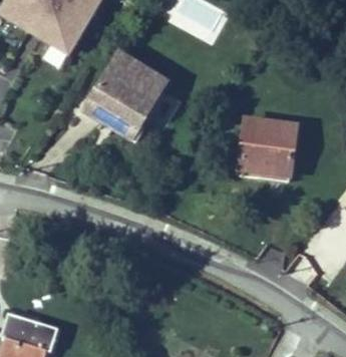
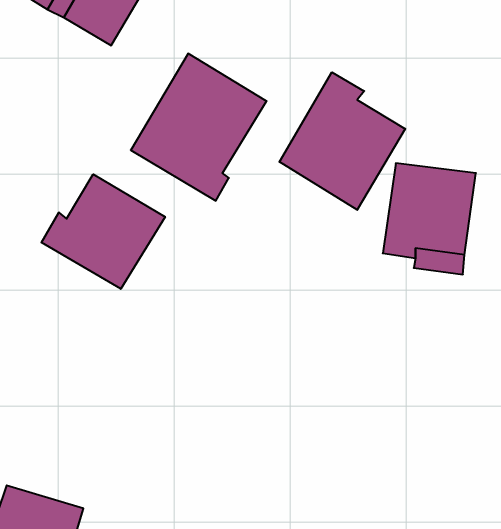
building: none -> [279,72,405,210]
building: none -> [41,174,165,289]

